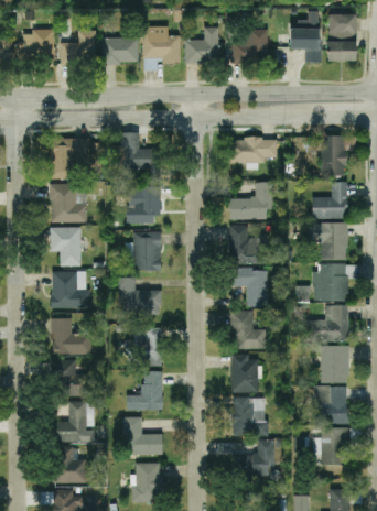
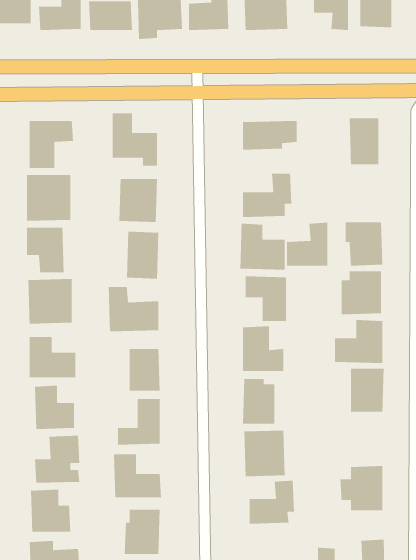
building: [312,181,347,218] -> [286,222,328,266]
building: [314,385,347,423] -> none

